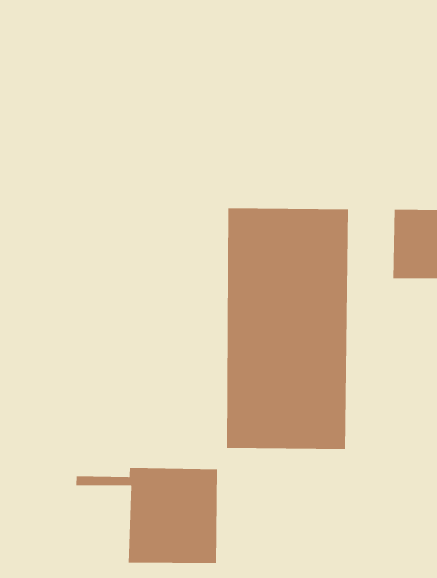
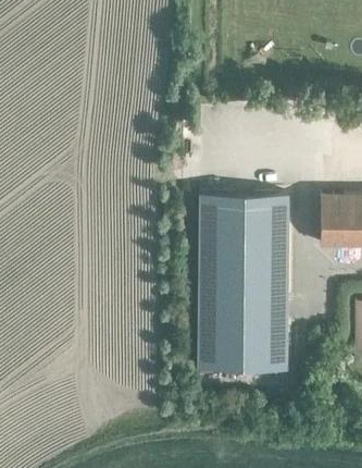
building: [76,467,218,564] -> none

